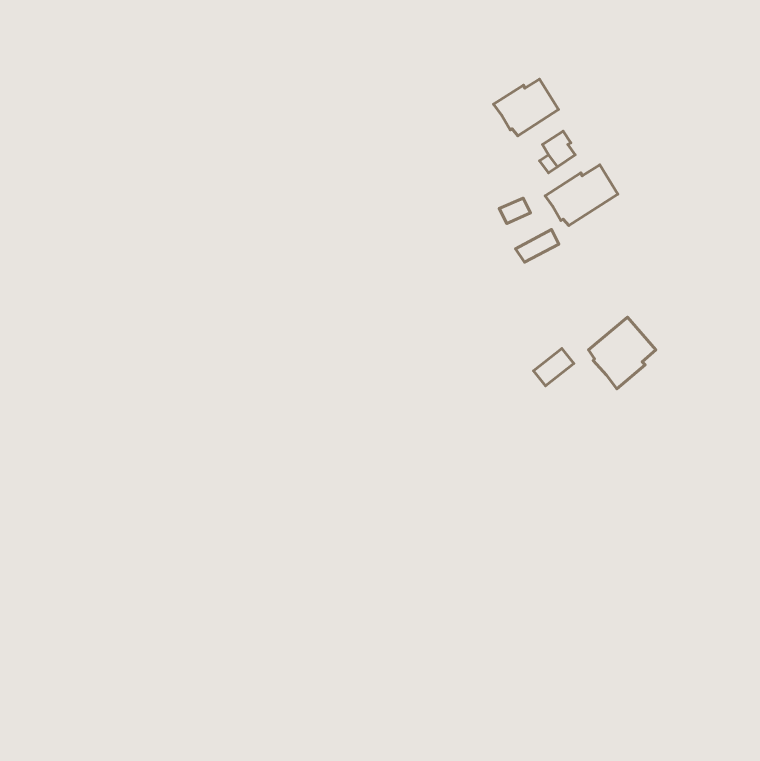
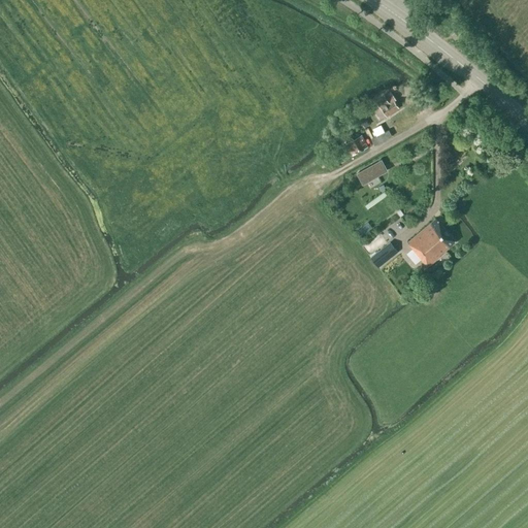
building: [494,79,559,136] -> none
building: [545,165,618,226] -> none

